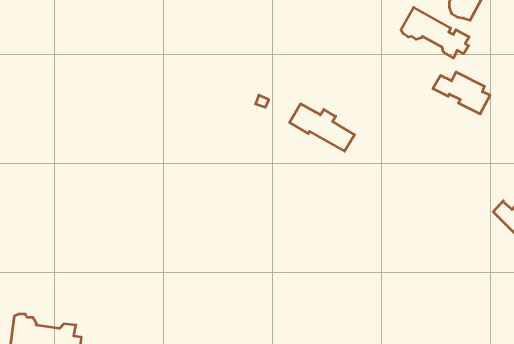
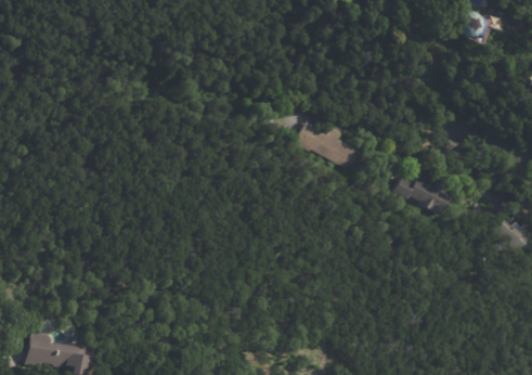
building: [401,7,469,58] -> none
building: [433,72,490,114] -> [399,176,455,217]

